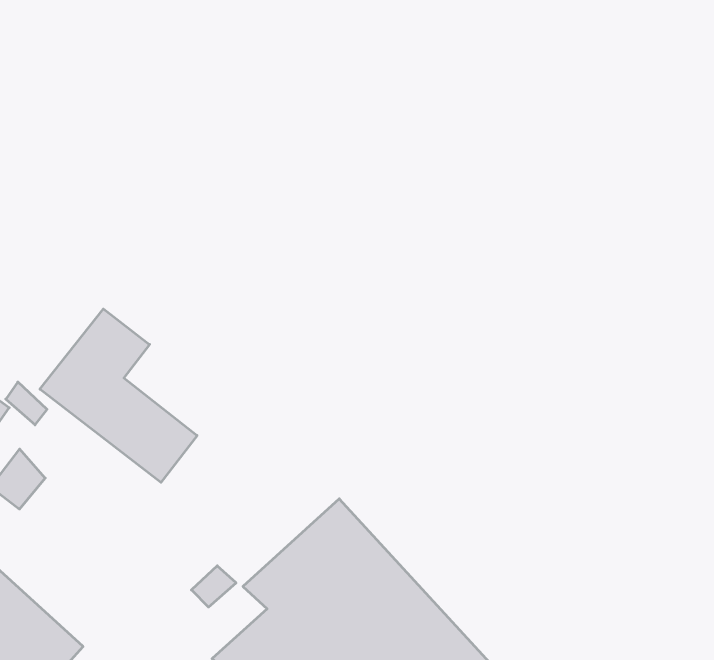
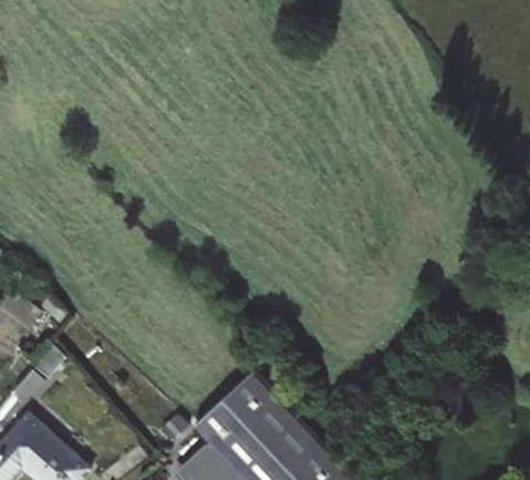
building: [40,309,197,482] -> none

